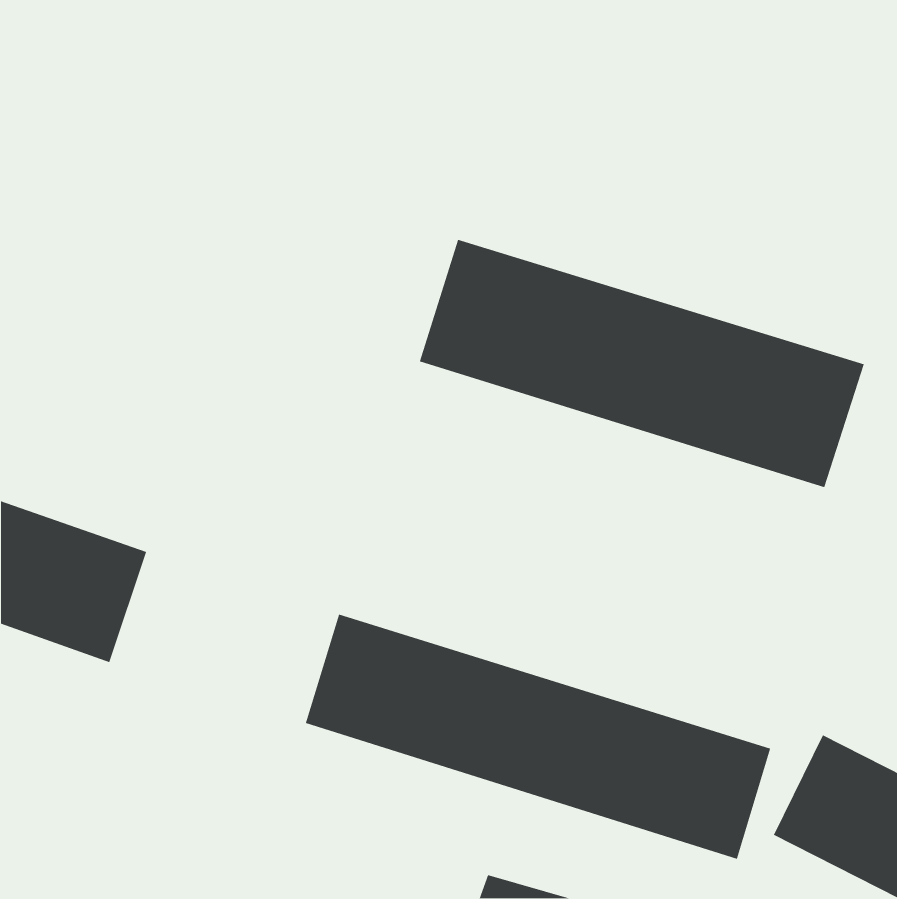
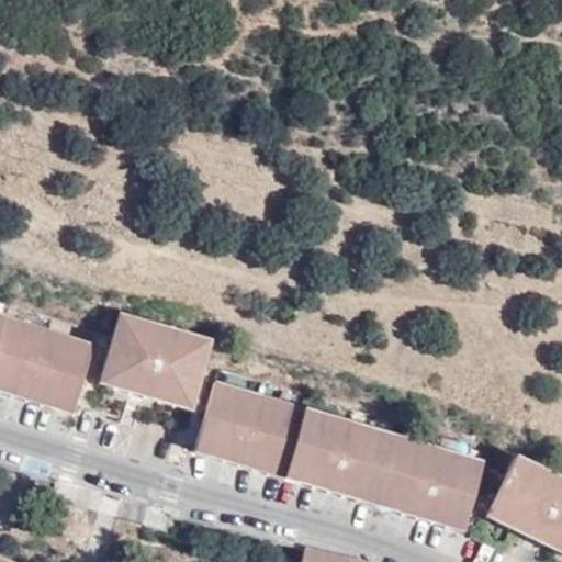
building: [419,239,865,488] -> none
building: none -> [100,310,213,408]

